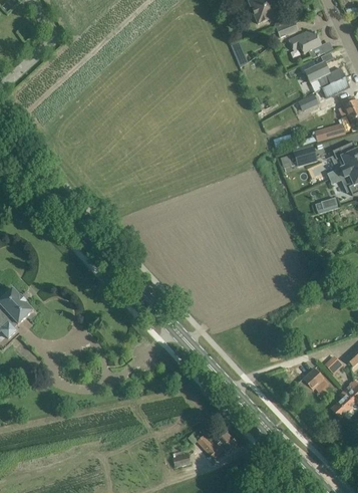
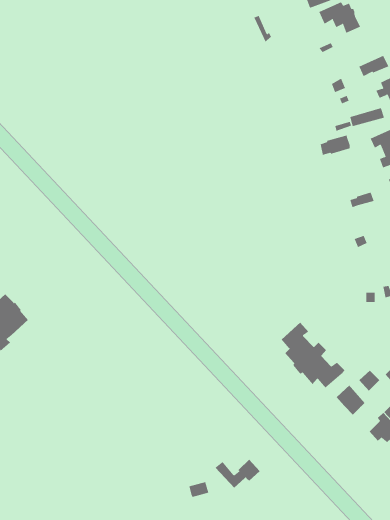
building: [305,61,345,90] -> none
building: none -> [281,322,345,389]

